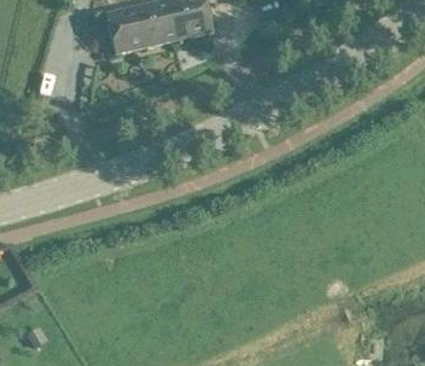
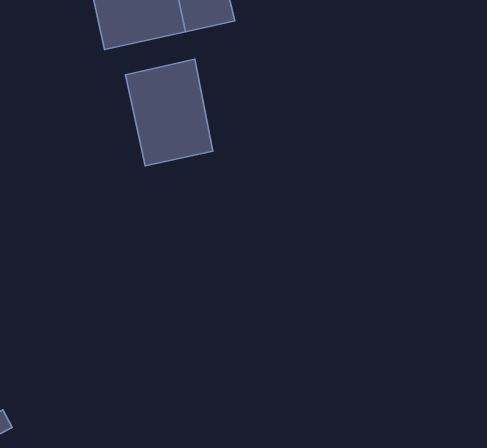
building: none -> [126,59,213,166]

